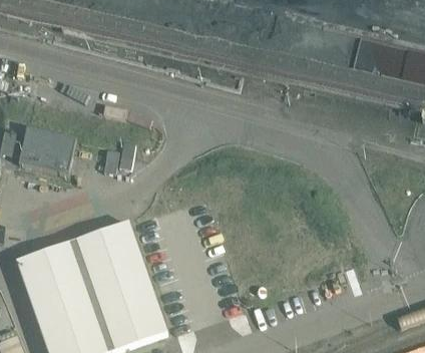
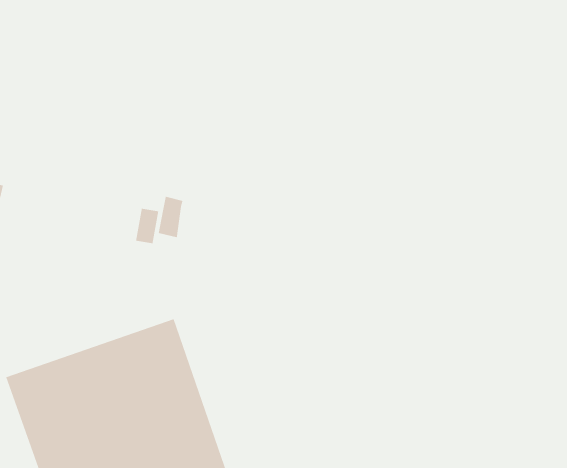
building: [20,130,77,178] -> none

